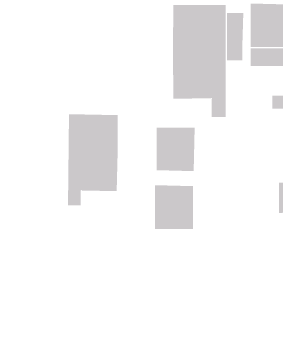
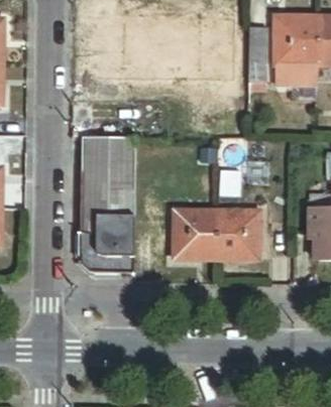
building: [172,4,226,118] -> none
building: [156,127,195,172] -> [217,211,259,258]
building: none -> [81,216,135,272]

